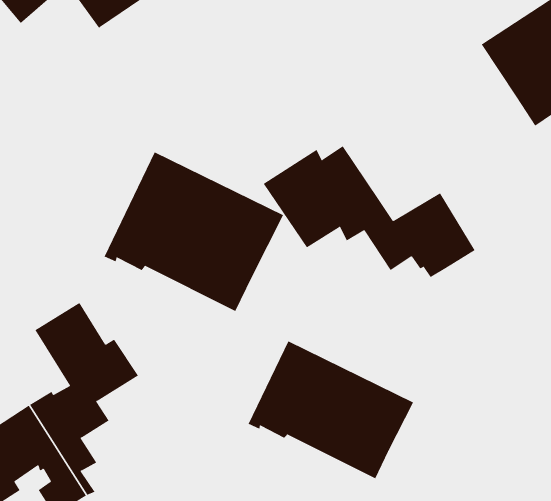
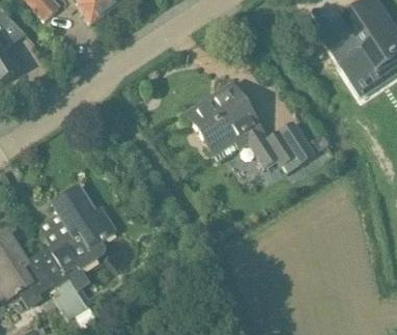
building: [104,151,284,312] -> none
building: [248,341,414,479] -> none

